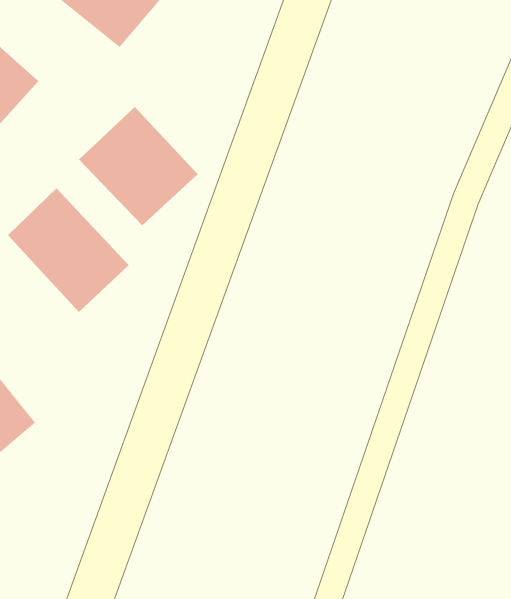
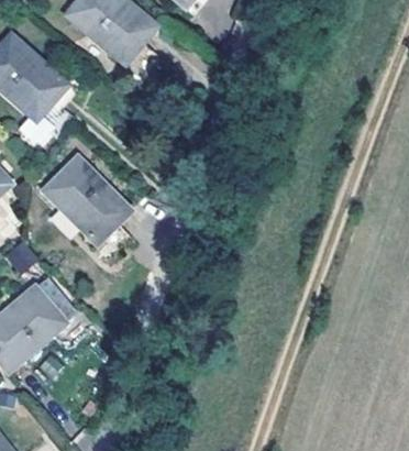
building: [78,106,199,226] -> none

